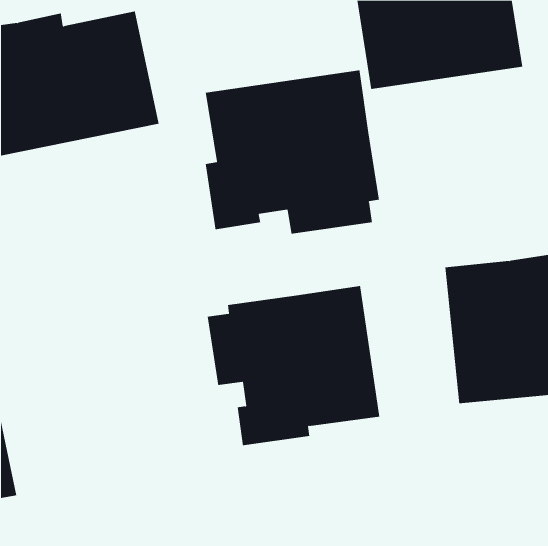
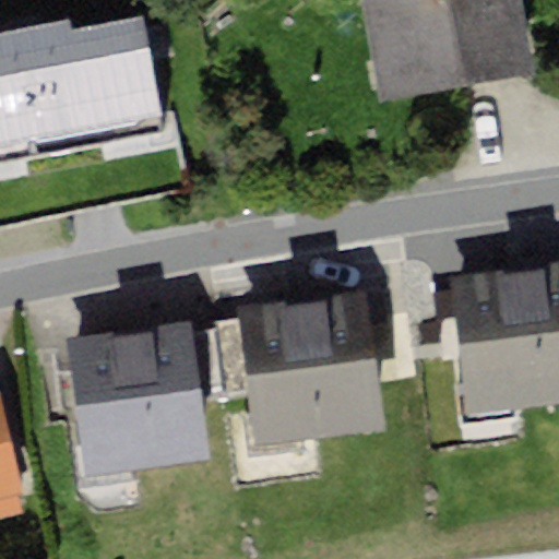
building: [205,69,379,234] -> none
building: none -> [67,323,202,483]

